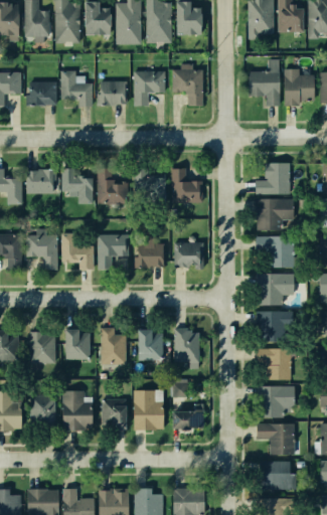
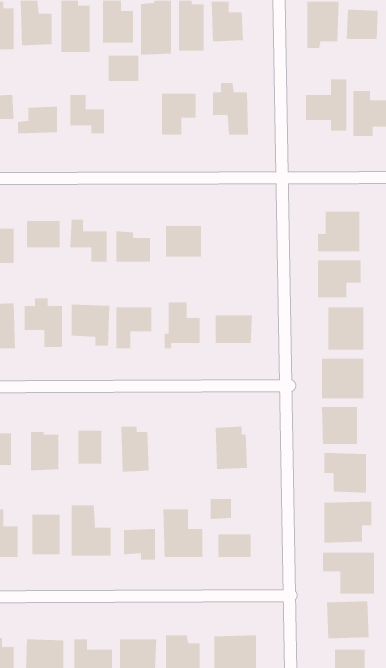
building: [102,81,126,102] -> [108,55,139,81]
building: [171,171,200,201] -> none
building: [140,332,162,359] -> none

